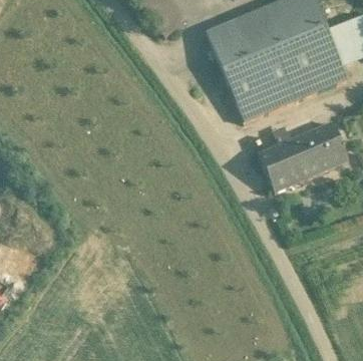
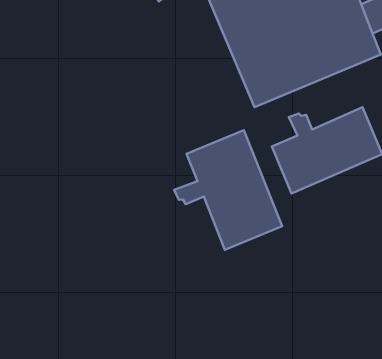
building: none -> [174,130,282,250]

